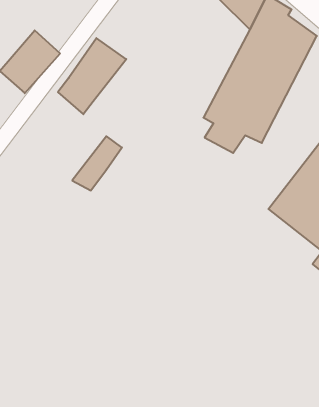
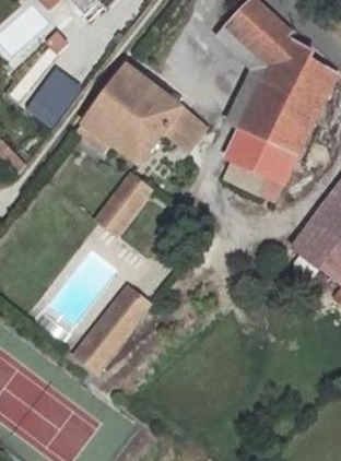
building: none -> [115,96,196,156]
building: none -> [77,288,148,375]

